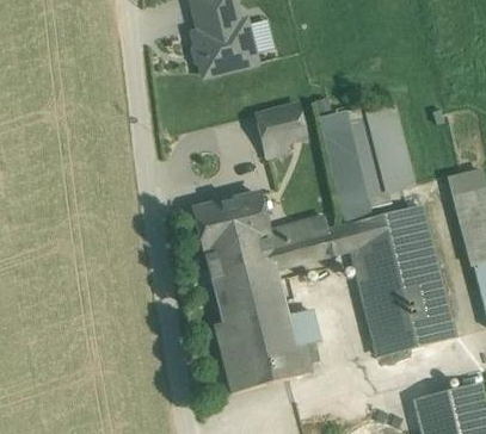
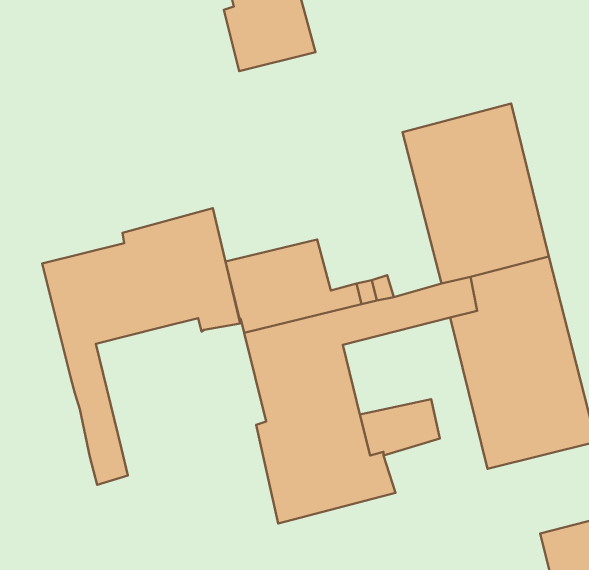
building: [256,103,306,155] -> none
building: none -> [42,208,240,485]

